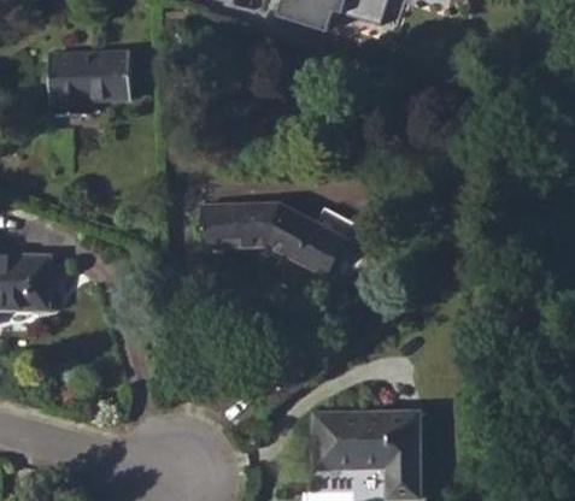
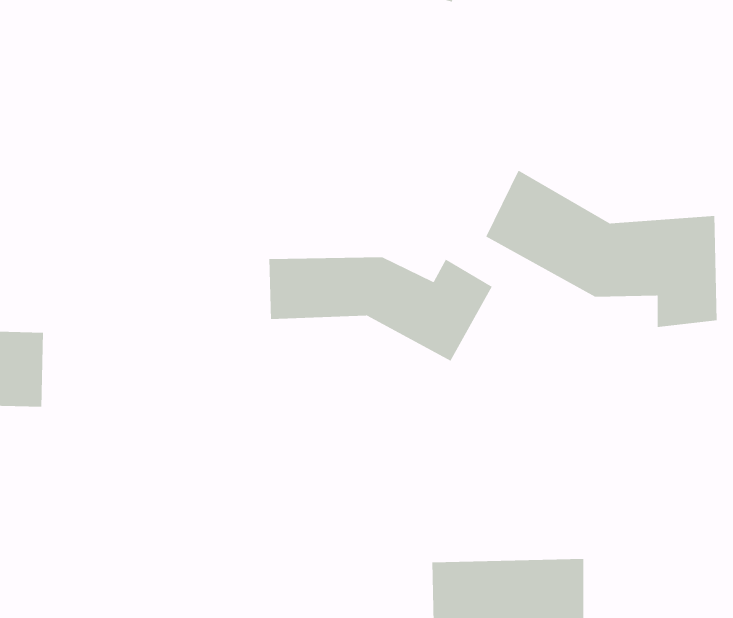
building: [47,51,130,114] -> none
building: none -> [485,169,717,328]

